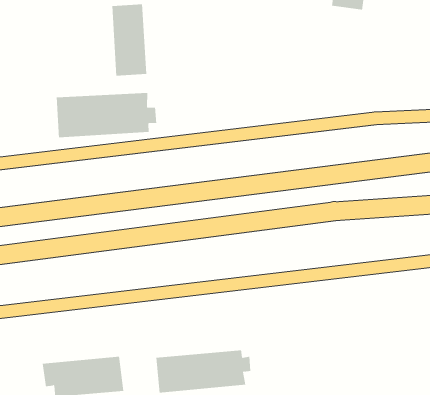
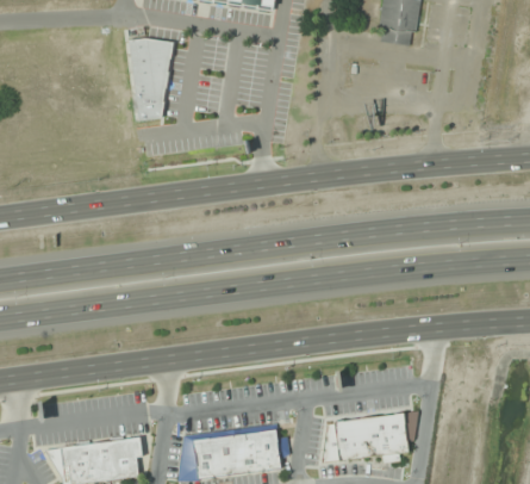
building: [56,92,157,138] -> none
building: none -> [319,414,409,463]

